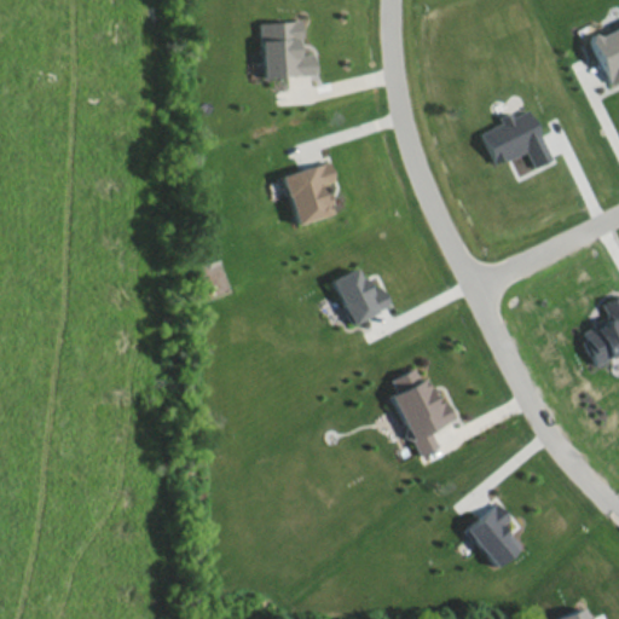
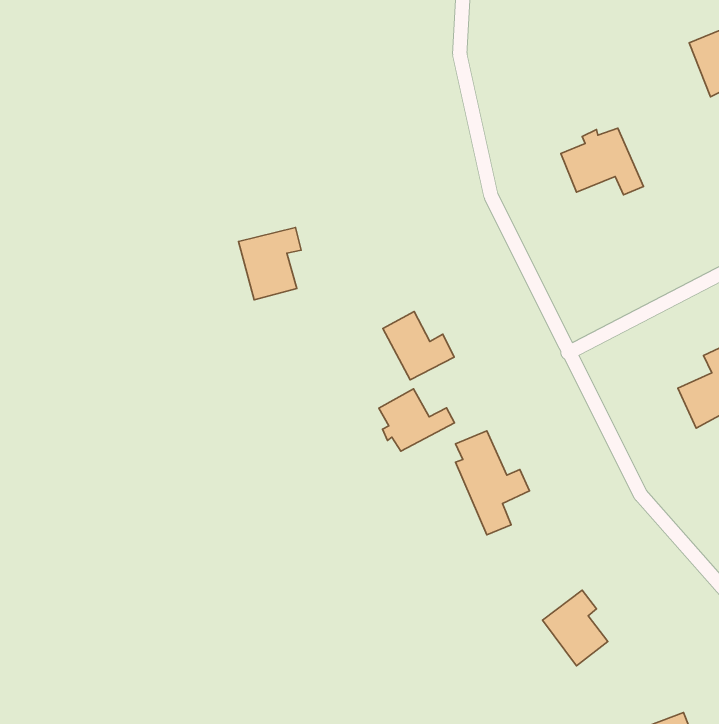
building: [262,22,316,77] -> none
building: [283,163,336,225] -> [238,227,301,300]
building: none -> [379,389,455,451]

